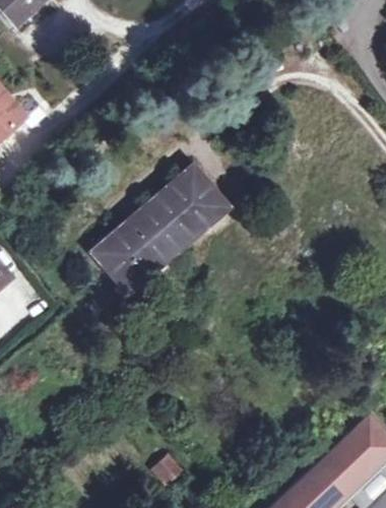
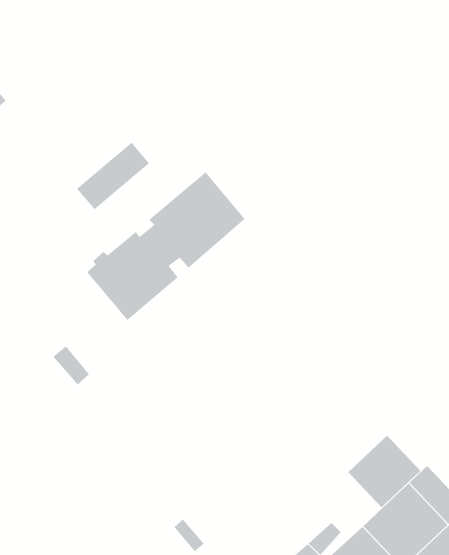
building: none -> [76,142,150,210]
building: none -> [348,435,421,508]

